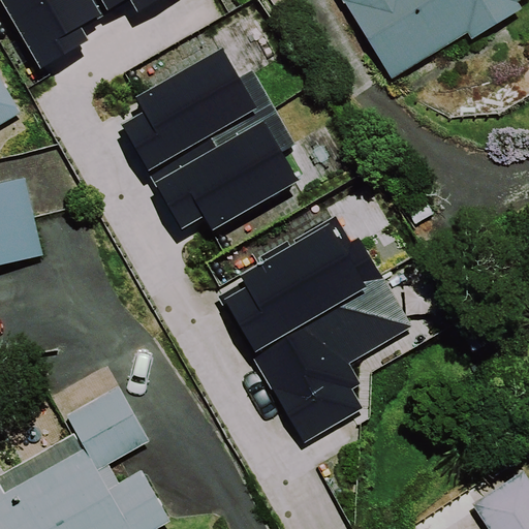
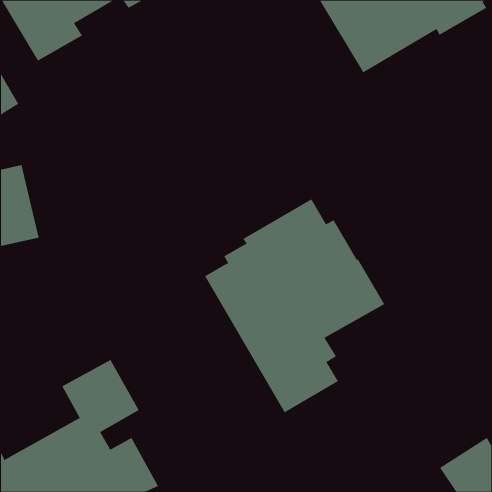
building: [120,44,300,229] -> none

